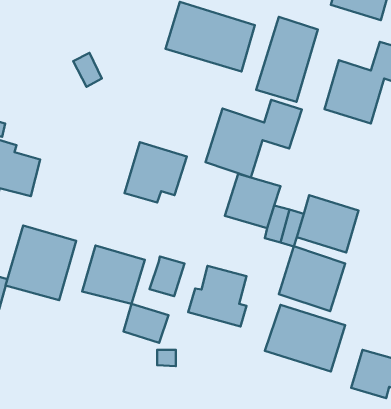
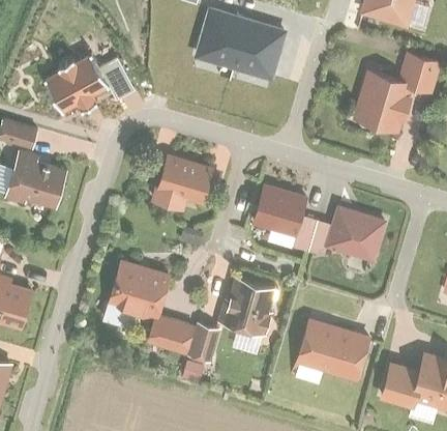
building: [256,17,318,102] -> none
building: none -> [39,57,102,114]
building: [206,100,302,177] -> none
building: [6,225,76,300] -> none
building: [279,246,345,311] -> none
building: [150,256,185,296] -> [186,321,221,362]

